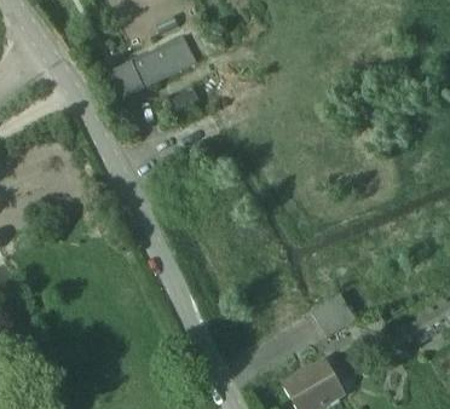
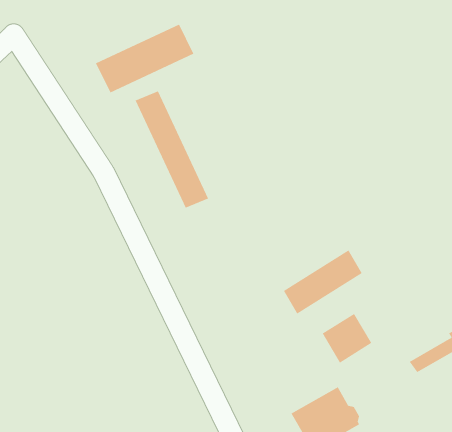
building: none -> [135,91,209,208]
building: none -> [283,250,363,314]

